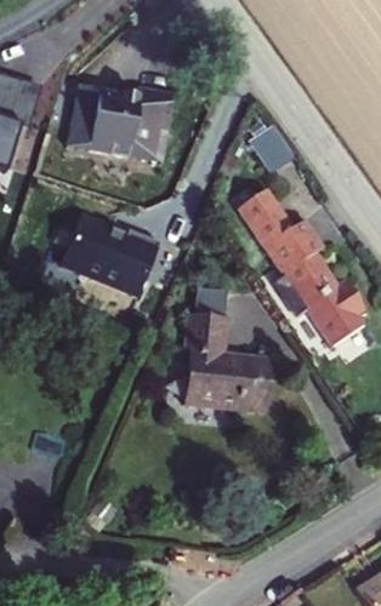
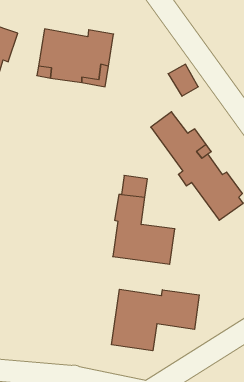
building: [62,213,163,295] -> none
building: none -> [112,289,199,351]

